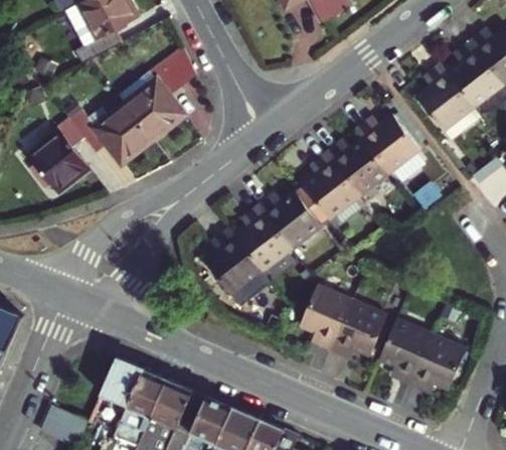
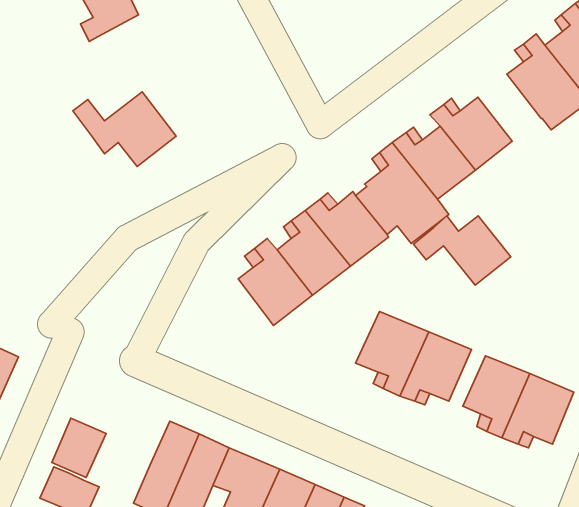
building: [124,52,194,143] -> none
building: [26,121,87,195] -> none
building: none -> [414,216,511,285]
building: [103,358,146,406] -> [52,418,106,478]

